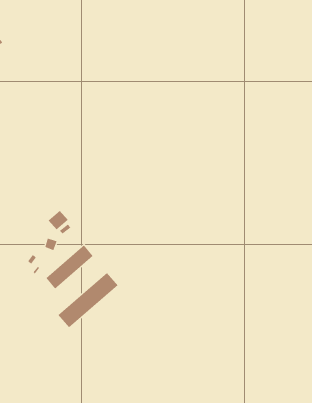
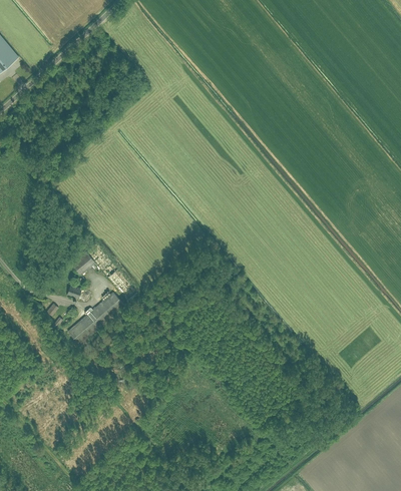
building: [57,272,119,328] -> none

